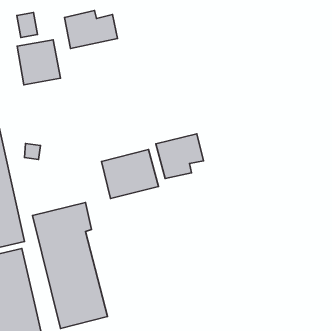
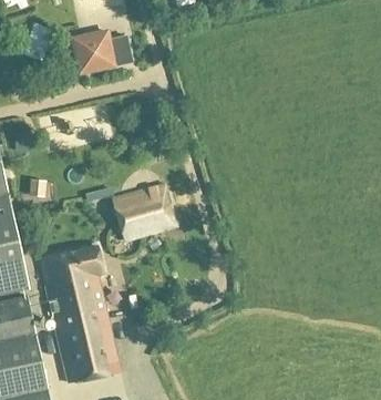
building: [17,40,60,85] -> none
building: [156,134,204,179] -> none

